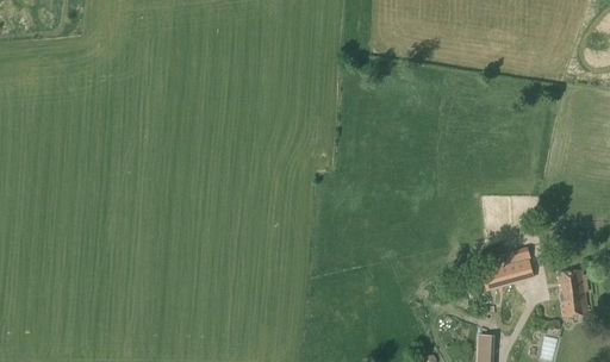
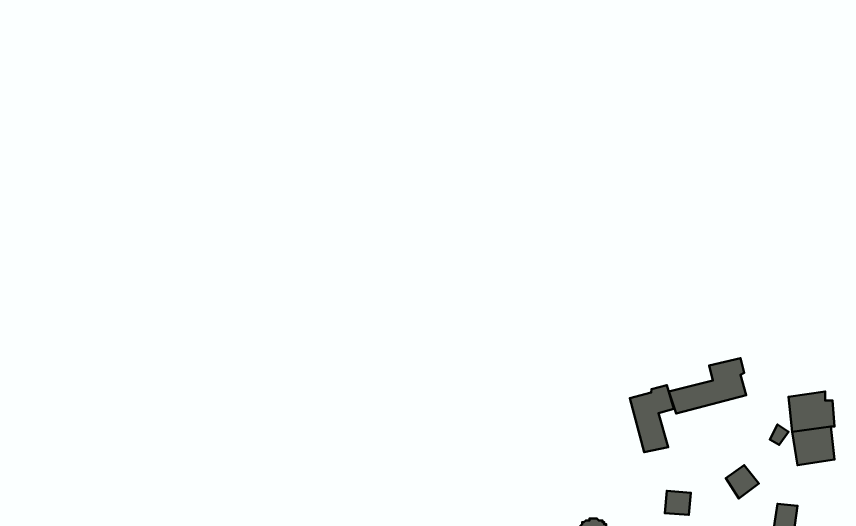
building: none -> [630,385,674,452]

